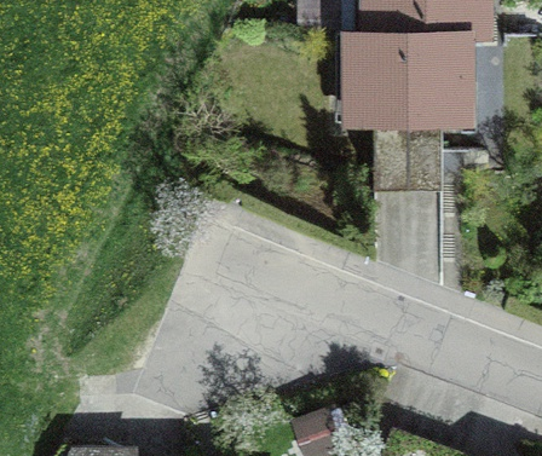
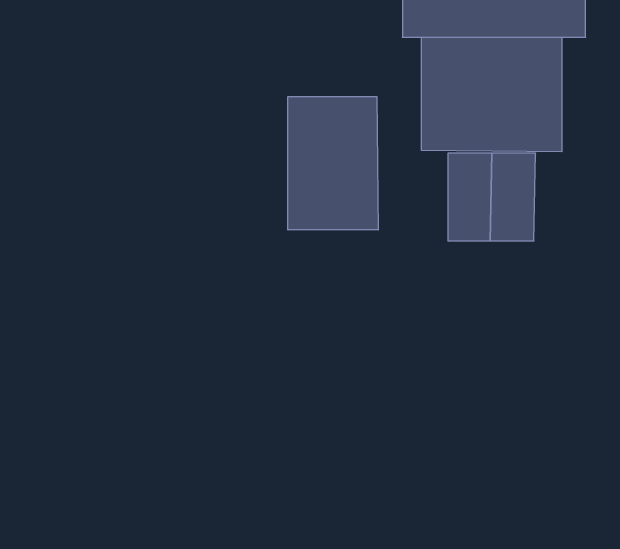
building: none -> [288,97,378,230]

